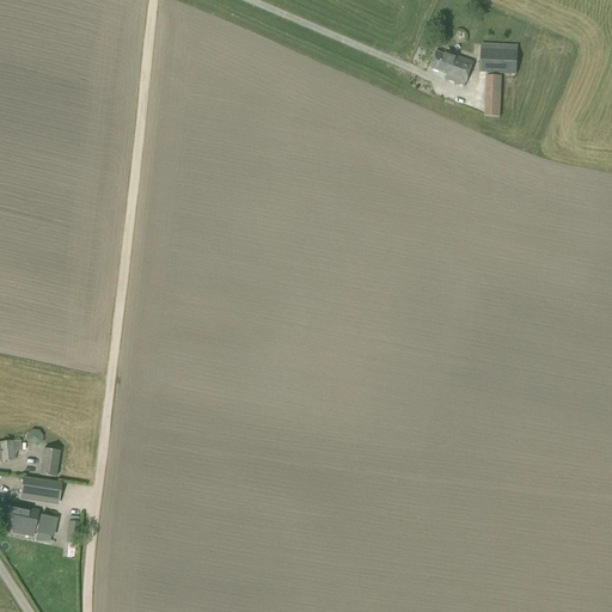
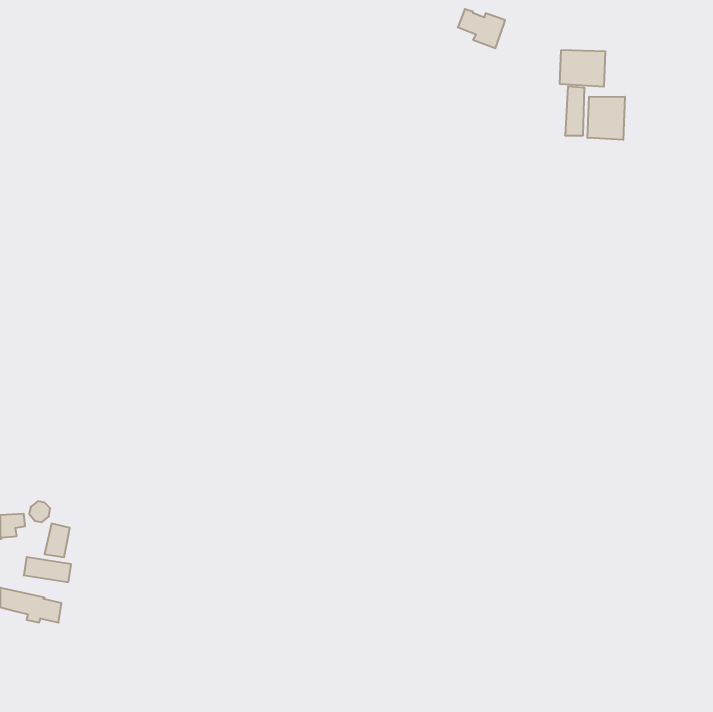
building: [432,51,472,85] -> [458,9,505,48]
building: none -> [587,97,625,140]

